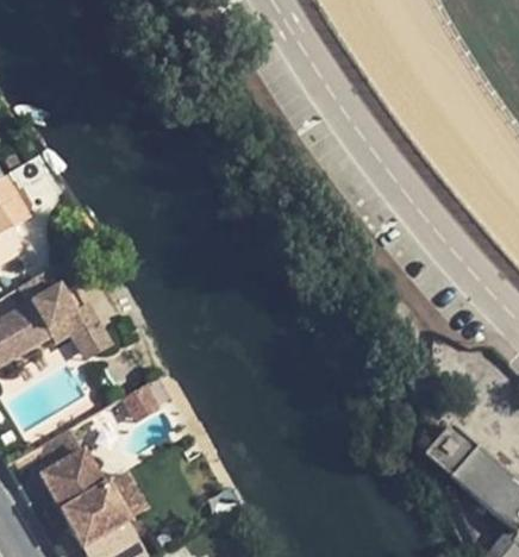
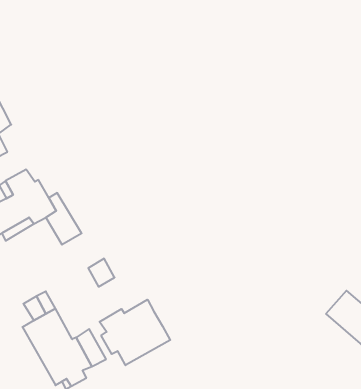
building: none -> [100,300,170,365]

